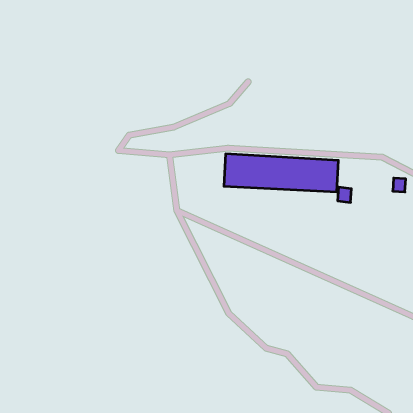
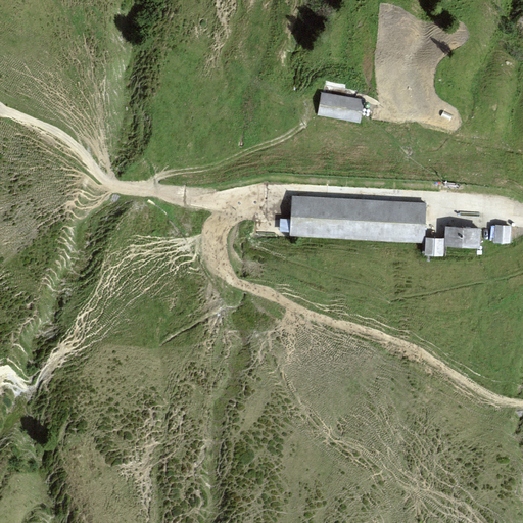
building: none -> [318,92,362,121]
building: none -> [444,223,482,248]

